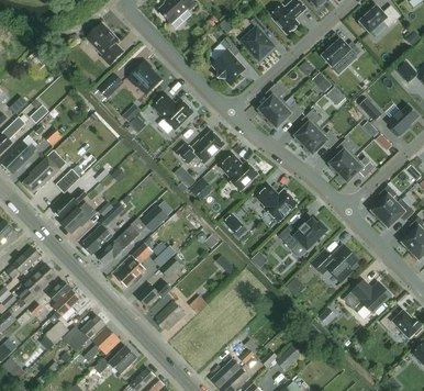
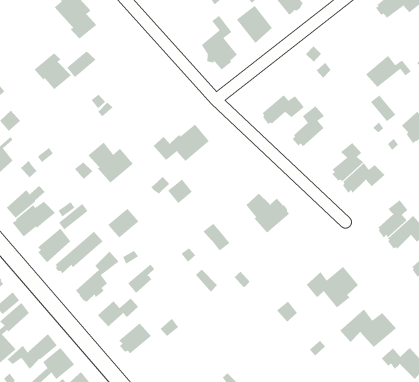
building: [322,38,361,67] -> [365,55,412,88]
building: [129,62,161,93] -> [33,52,72,90]
building: [258,85,286,119] -> none
building: [154,94,193,130] -> [88,142,134,183]
building: [304,129,338,155] -> none
building: [220,154,259,192] -> none
building: [279,219,328,250] -> none

